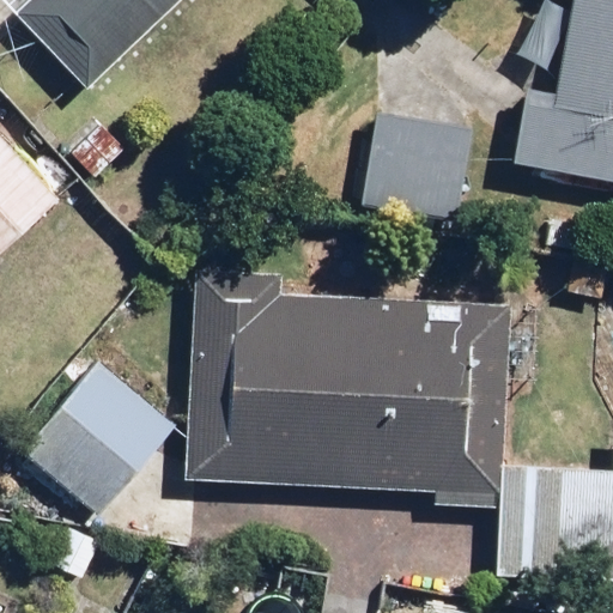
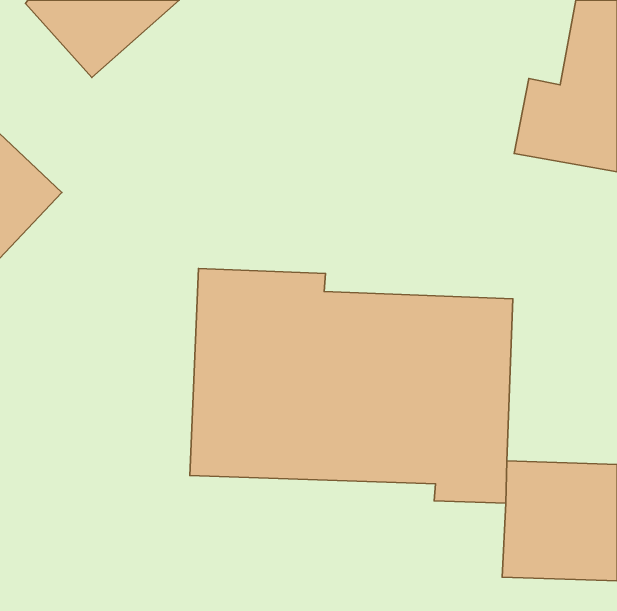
building: [353,108,479,230] -> none
building: [19,366,174,521] -> none

